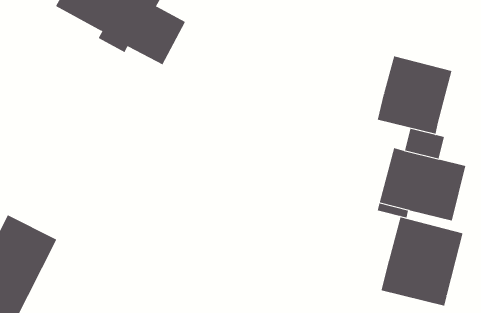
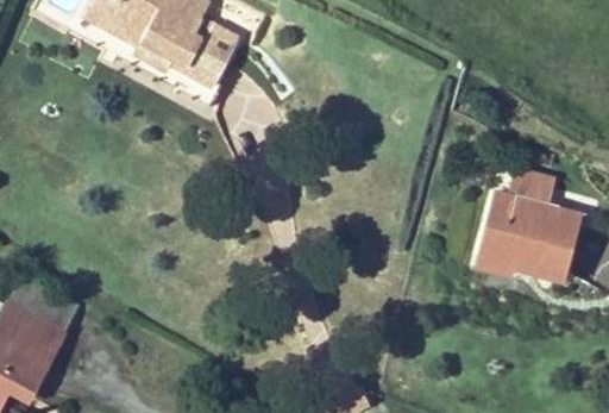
building: [377,55,452,135] -> none
building: [381,216,463,306] -> none

